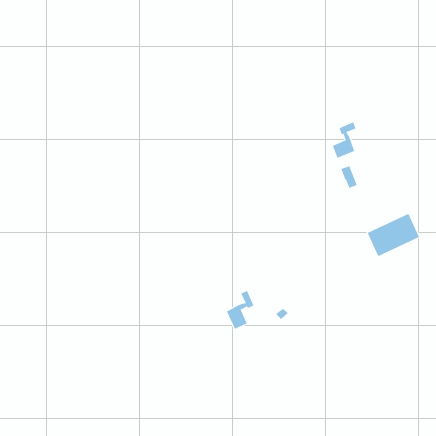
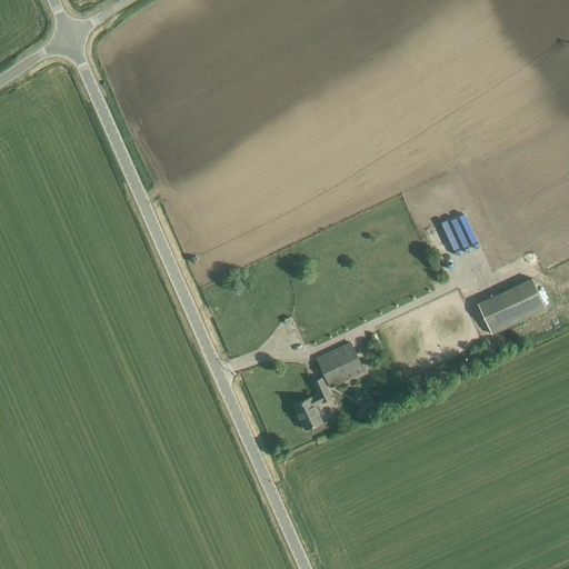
building: [332,122,356,158] -> none
building: none -> [317,341,365,388]

